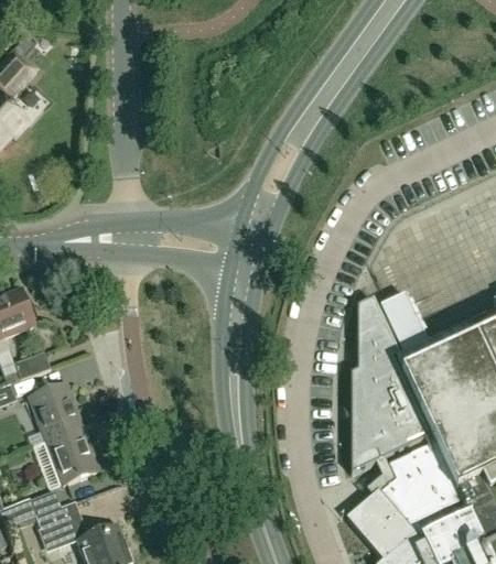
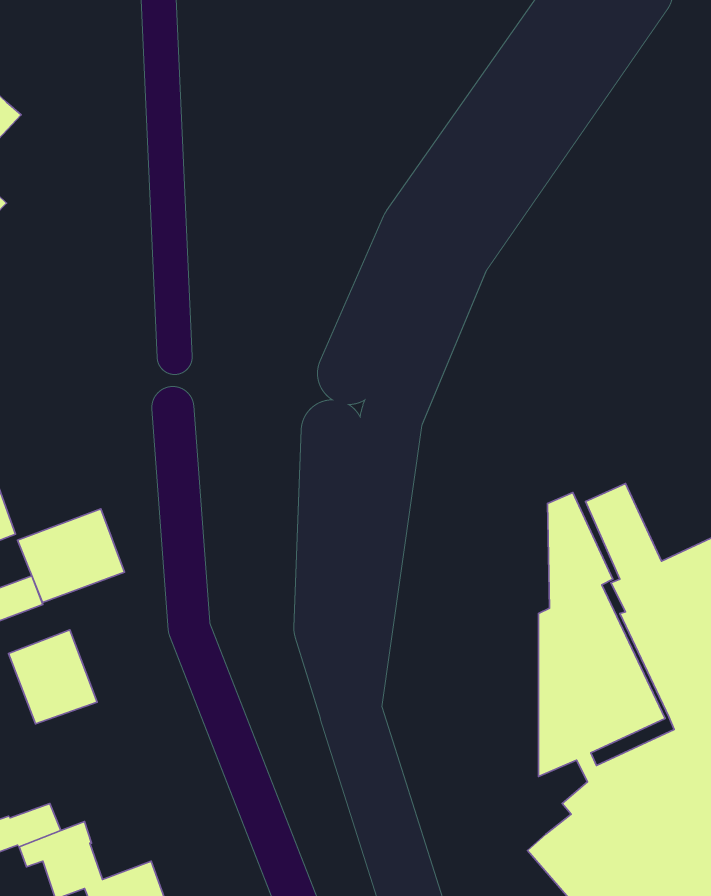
building: none -> [18,509,125,602]
building: [45,429,98,485] -> none

